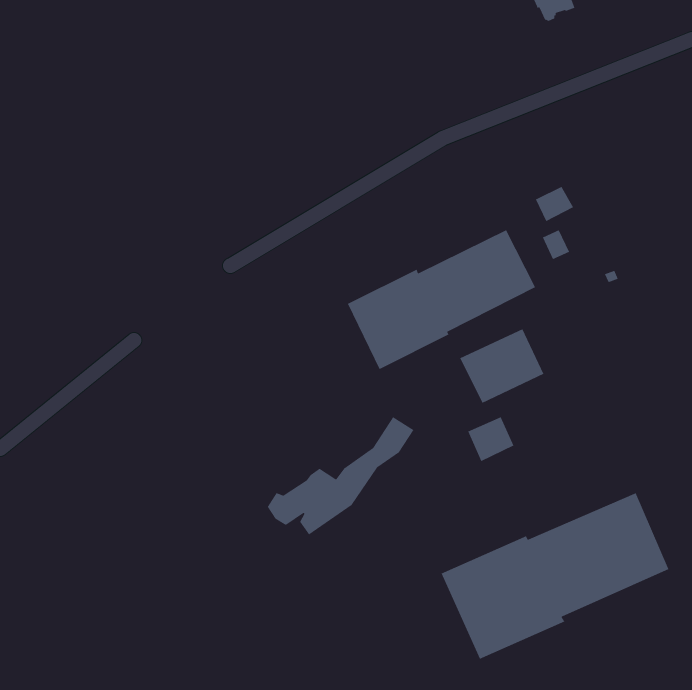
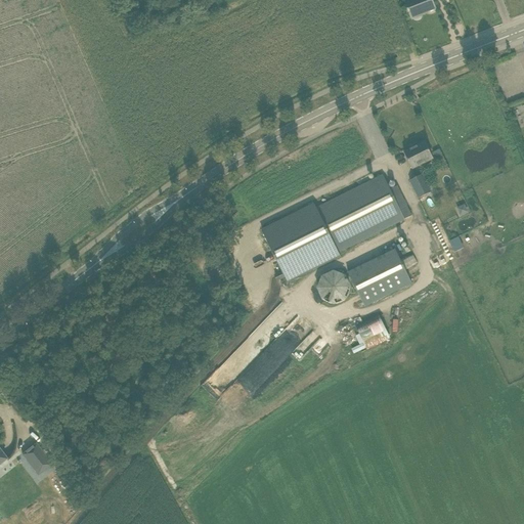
building: none -> [312,267,350,304]
building: [441,492,669,660] -> none
building: none -> [21,442,51,473]

